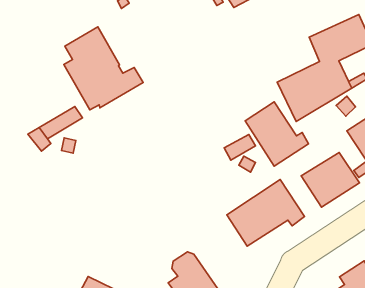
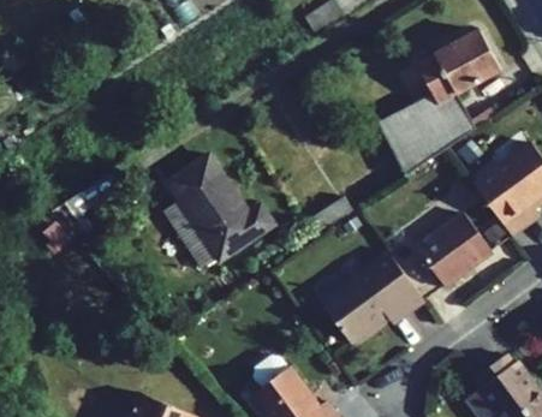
building: [64,27,143,110] -> [168,155,274,264]
building: [245,102,309,166] -> none

